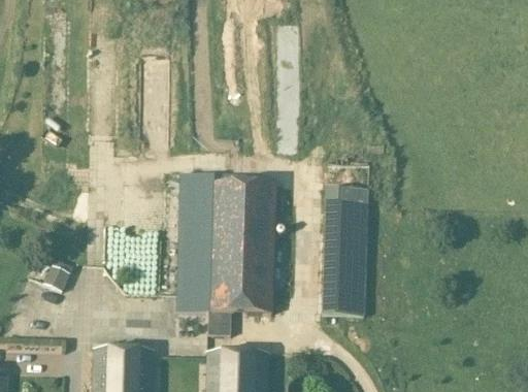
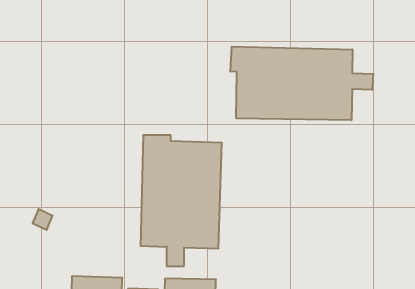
building: none -> [230,47,373,120]
building: [322,186,367,314] -> none

